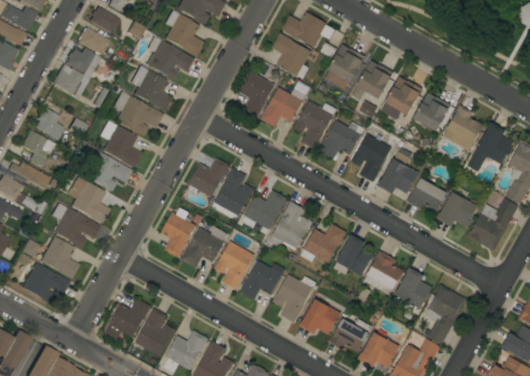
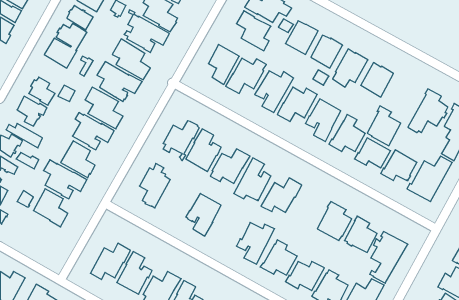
building: [444,105,482,150] -> [367,106,401,146]
building: [180,227,227,267] -> none
building: [333,234,373,277] -> none
building: [239,260,285,300] -> none
building: [21,263,69,303] -> none

